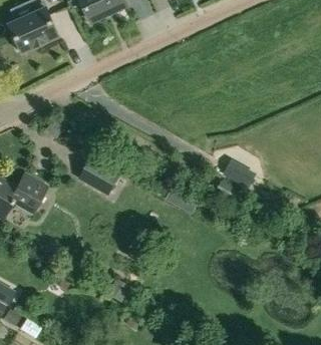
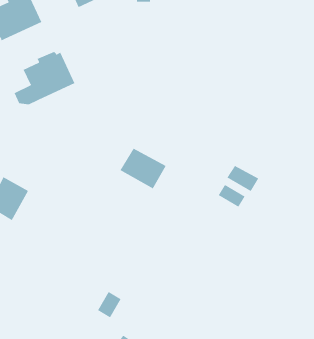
building: none -> [14,51,75,105]
building: [78,160,120,198] -> [120,148,167,189]

